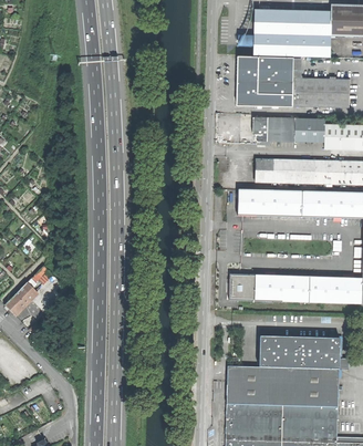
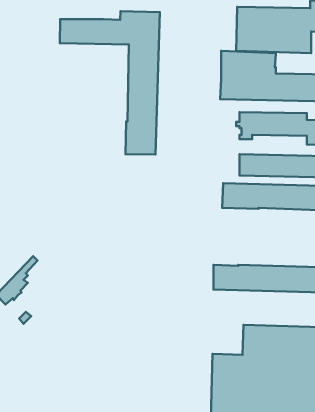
building: none -> [60,11,160,155]

